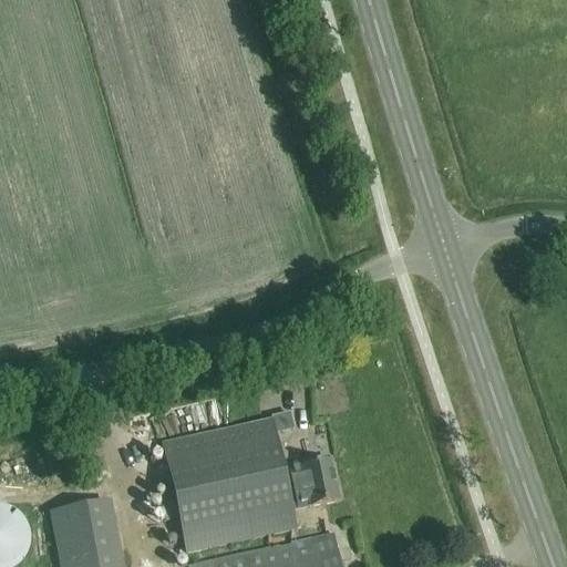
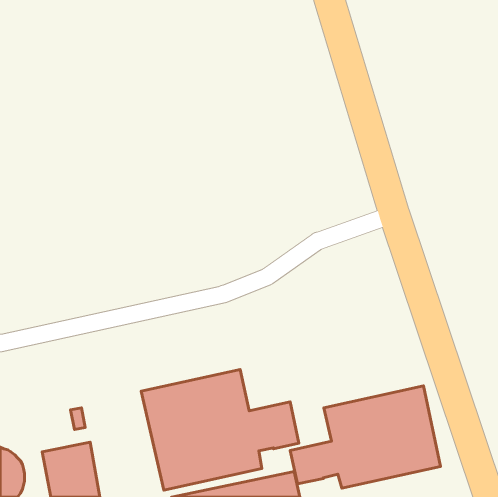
building: none -> [290,386,441,488]

